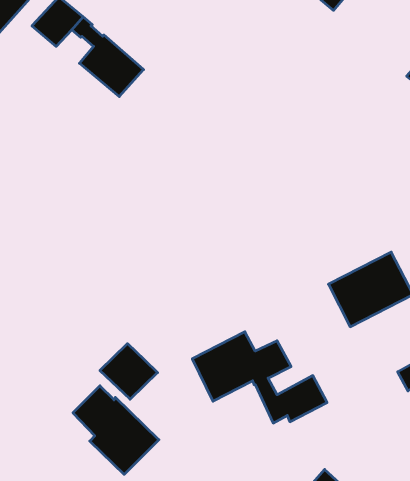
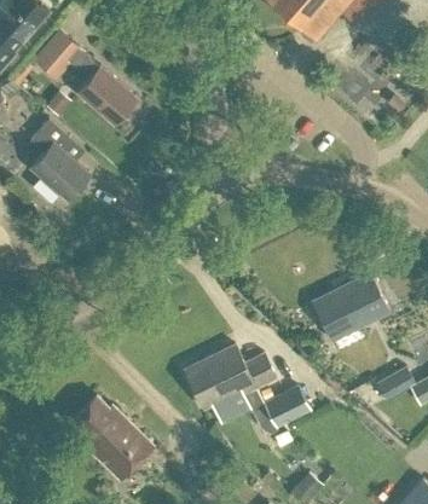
building: none -> [29,118,89,201]
building: [100,344,158,399] -> none

